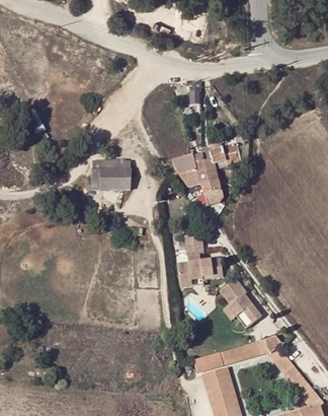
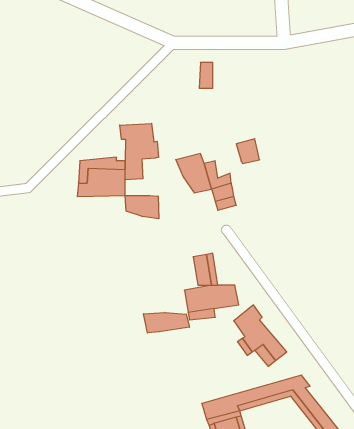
building: none -> [120,123,159,180]
building: [201,146,226,175] -> none
building: none -> [125,195,159,219]
building: none -> [144,312,189,333]

